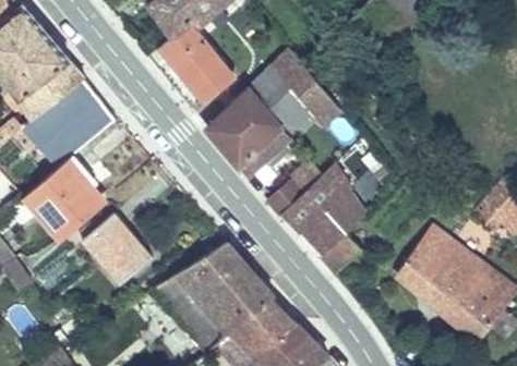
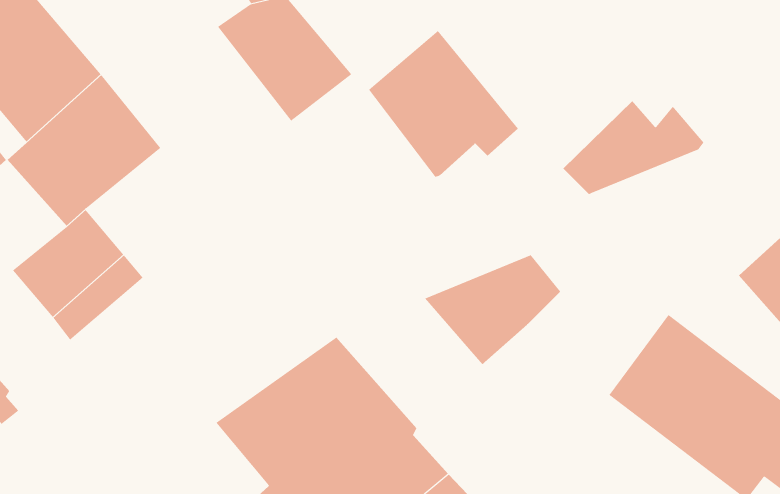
building: [200,86,288,180] -> none
building: [263,158,351,217] -> [562,100,705,195]
building: [84,216,154,290] -> none
building: [317,232,363,273] -> none

